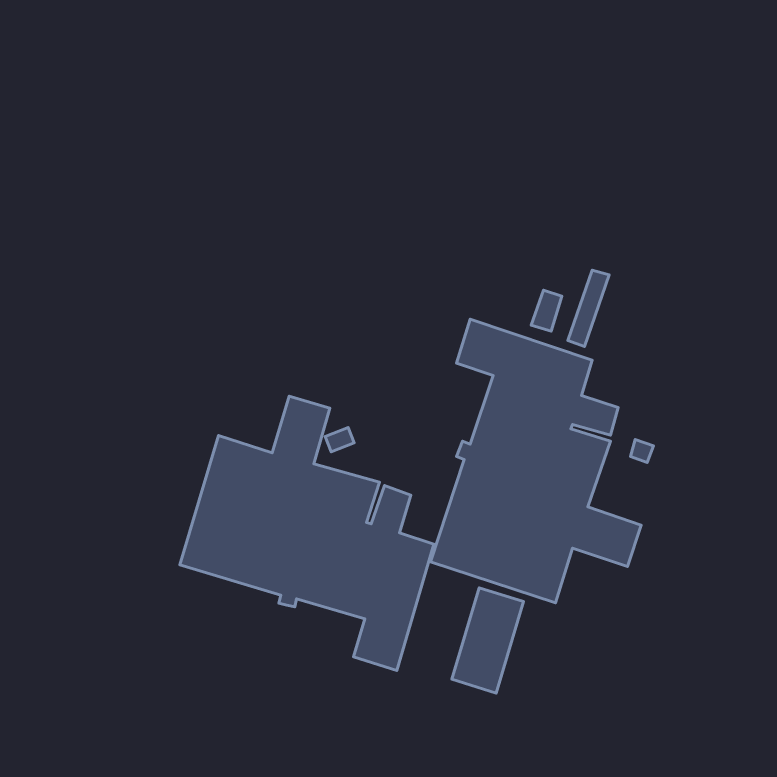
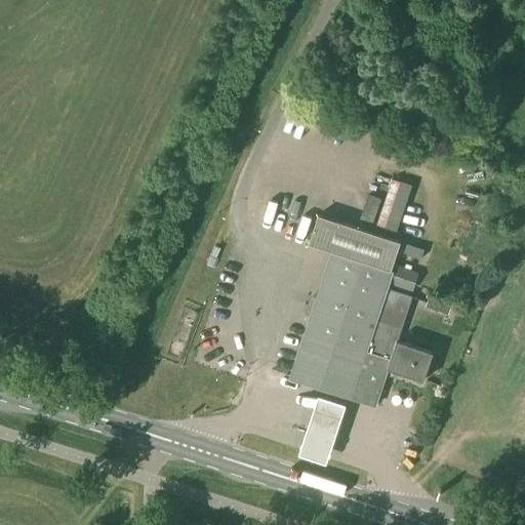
building: [180,396,434,671] -> none

